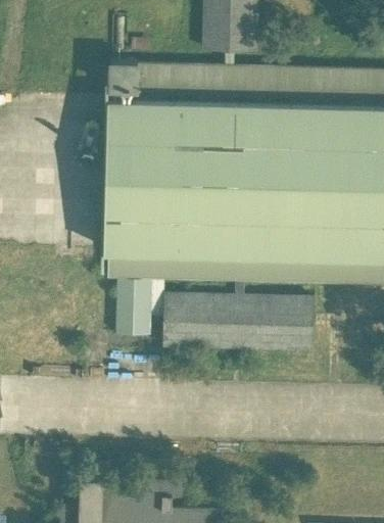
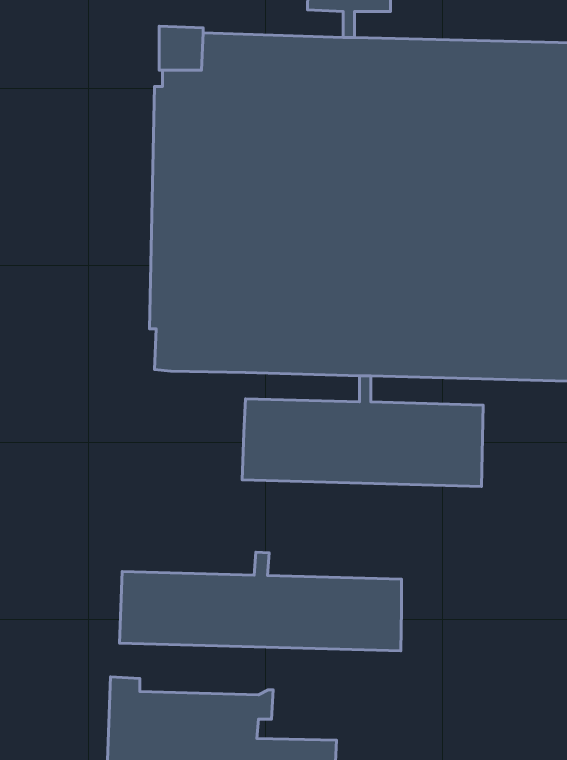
building: [116,275,164,333] -> none
building: none -> [120,552,402,651]

